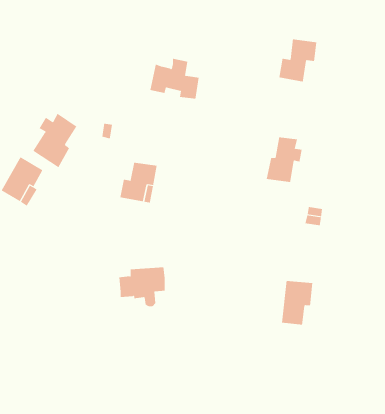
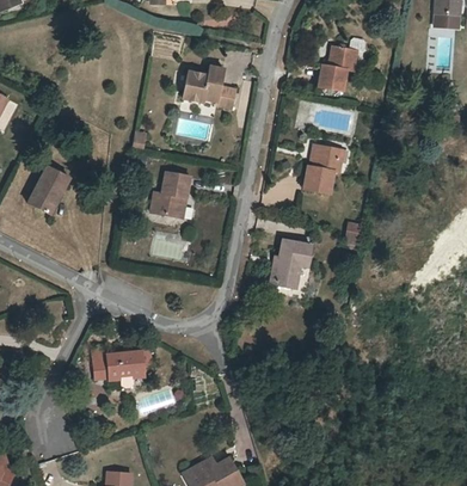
building: [32,113,77,168] -> none
building: [119,267,165,307] -> [94,351,143,393]
building: [281,281,313,325] -> [278,241,312,288]

